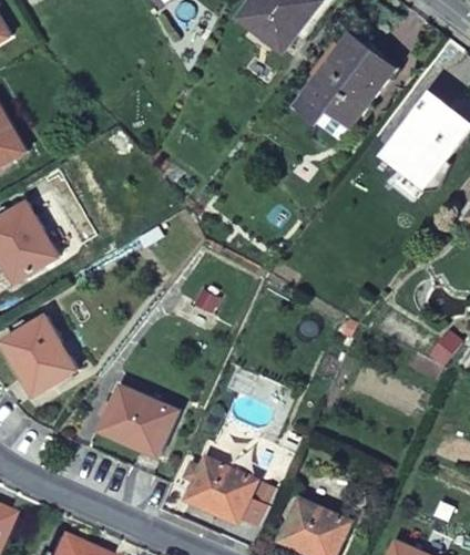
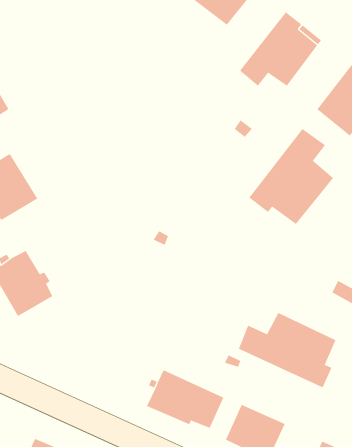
building: none -> [248,128,334,225]
building: [99,384,177,456] -> none
building: none -> [238,312,336,388]

